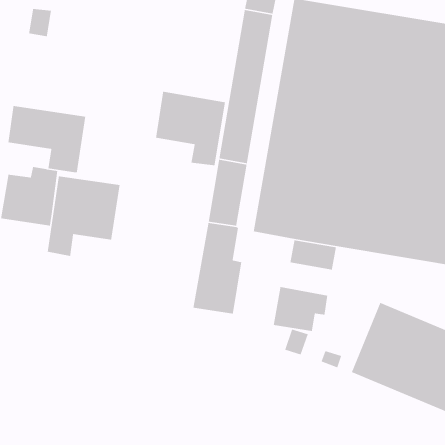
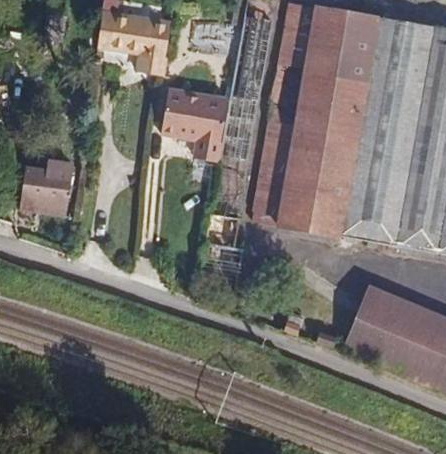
building: [8,105,86,173] -> [99,11,172,74]
building: [47,175,121,257] -> none
building: [273,286,328,332] -> none

